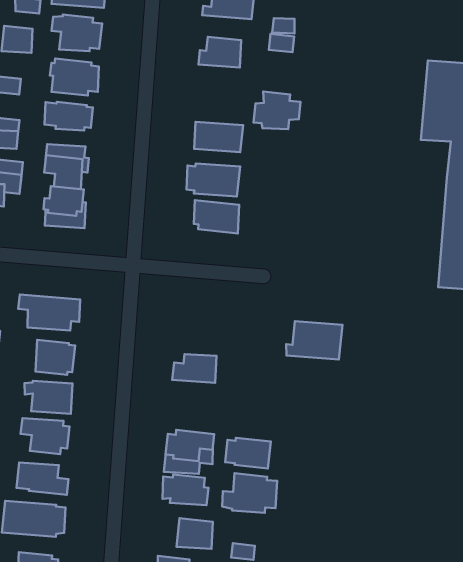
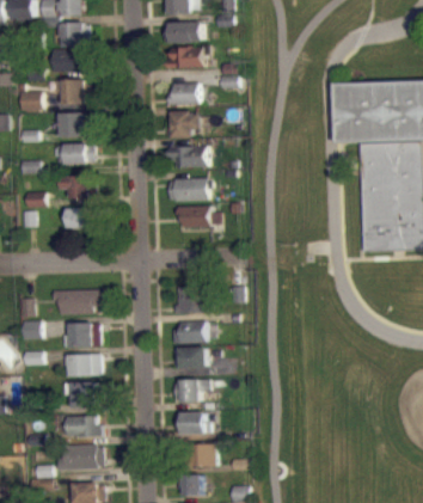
building: [254,91,301,129] -> [165,111,198,139]
building: [286,321,343,360] -> [172,287,213,314]
building: [225,438,271,468] -> [172,348,204,368]
building: [222,473,277,513] -> none

